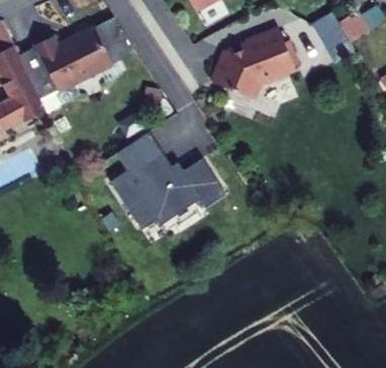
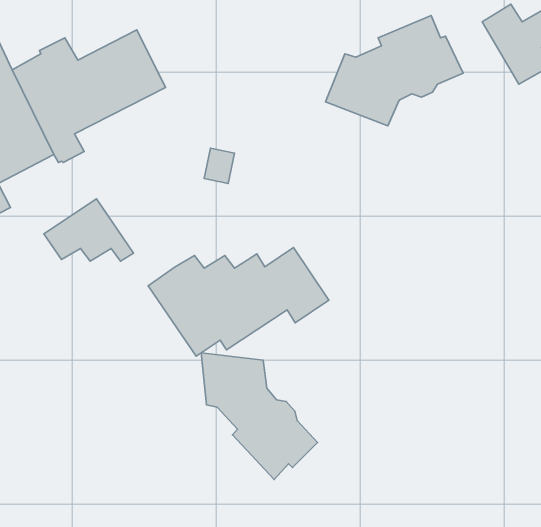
building: [106,143,163,182] -> [44,199,133,261]
building: none -> [201,353,317,480]

